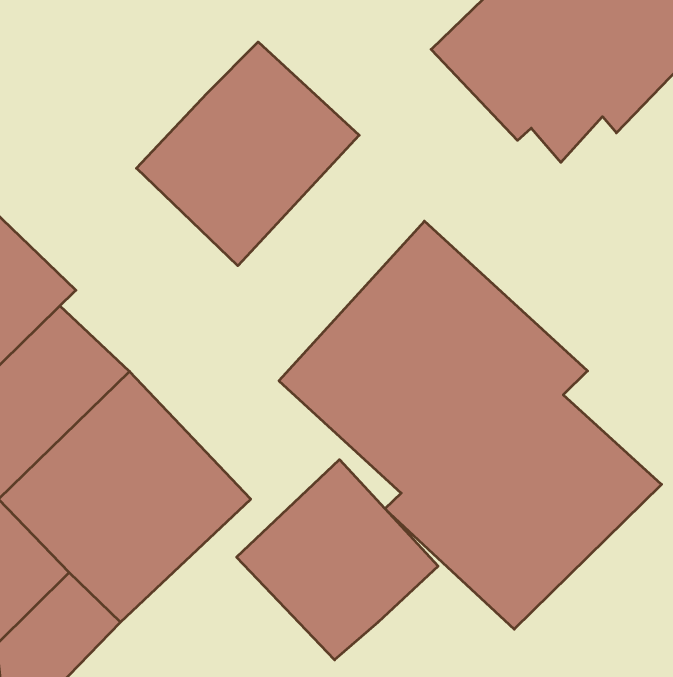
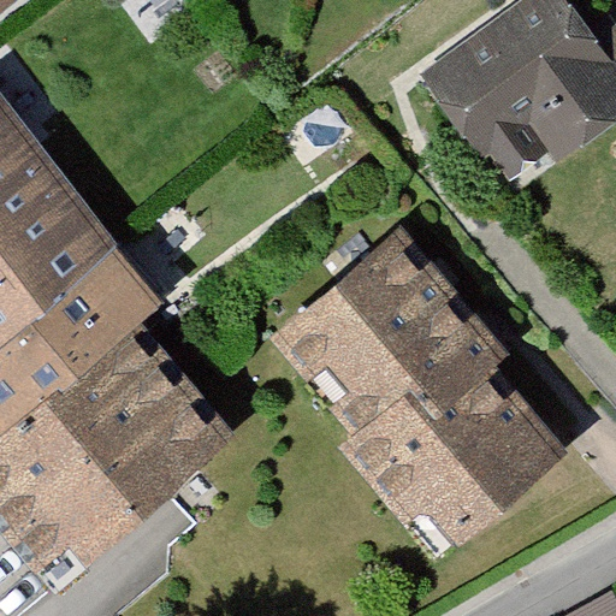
building: [136,42,359,266] -> none
building: [237,460,438,660] -> none

